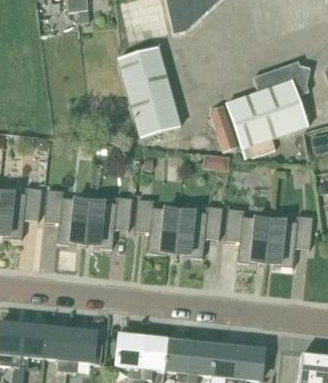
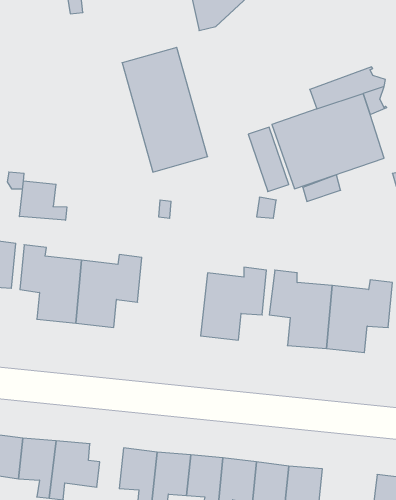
building: none -> [19,181,67,220]
building: [134,198,180,254] -> none

